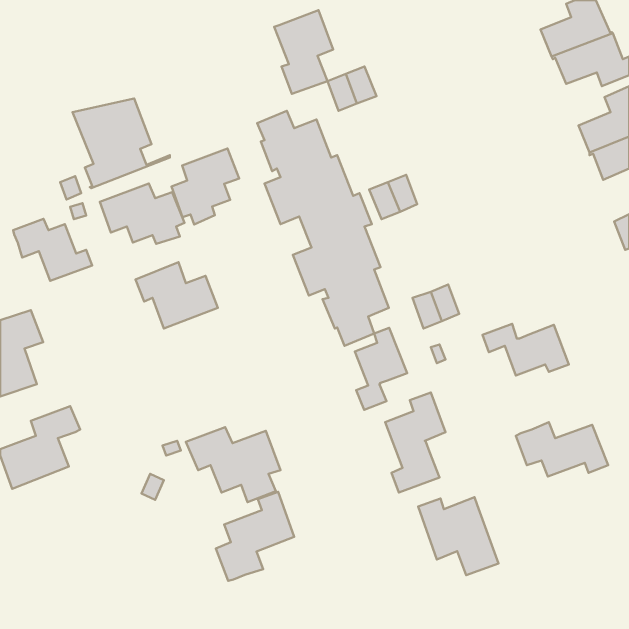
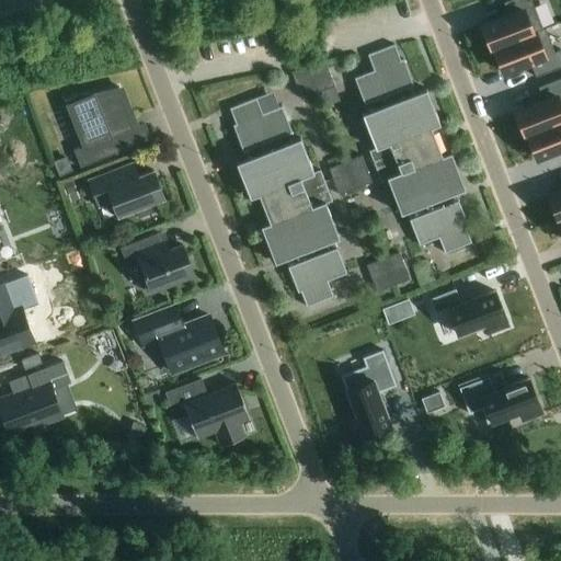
building: [274,10,333,94] -> none
building: none -> [355,45,472,254]
building: [172,148,239,224] -> none
building: [13,219,92,281] -> none
building: [355,328,407,410] -> none
building: none -> [134,307,224,373]
building: [216,492,294,581] -> none
building: [418,497,498,575] -> none

